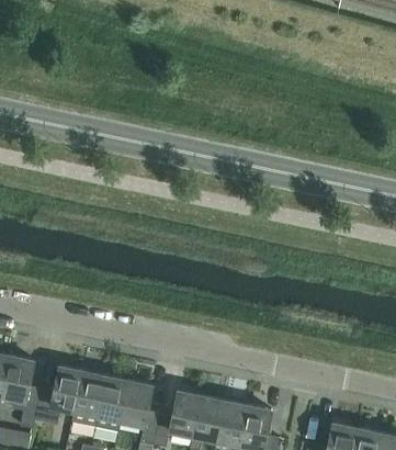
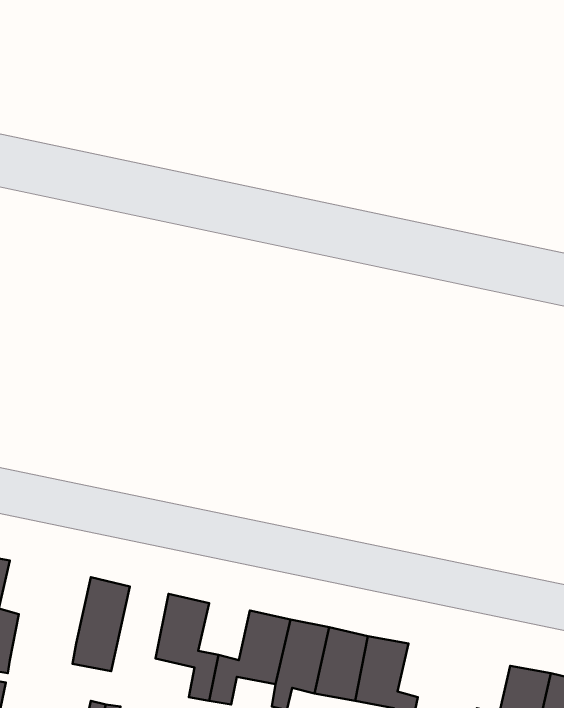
building: [34,367,82,425] -> none
building: [94,376,128,431] -> none

